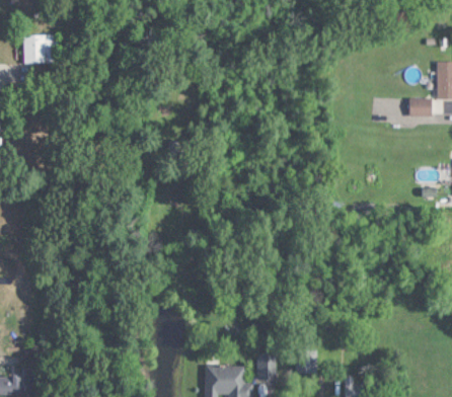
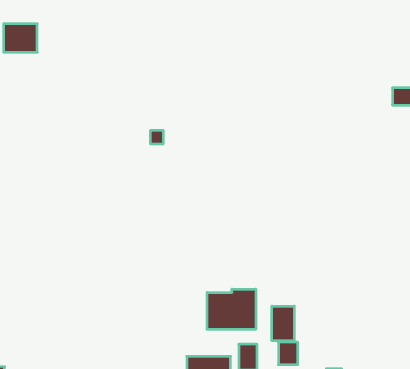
building: none -> [207,289,256,329]
building: none -> [272,306,294,341]

